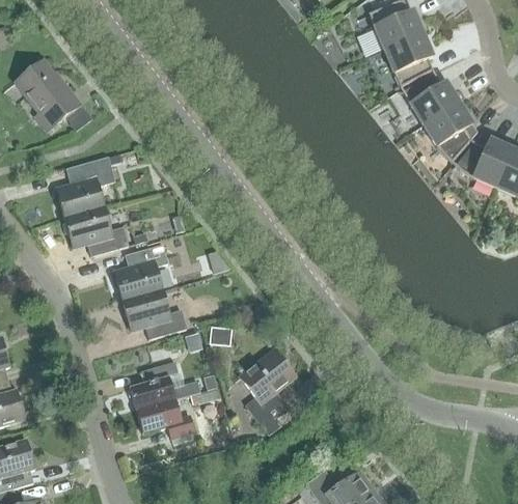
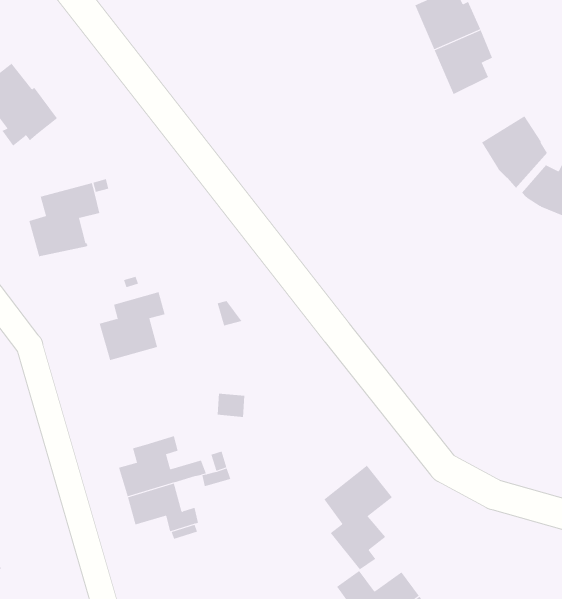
building: [403,76,459,124] -> none
building: [64,208,129,256] -> none
building: [122,289,187,339] -> none
building: [240,349,296,435] -> [323,465,393,570]

